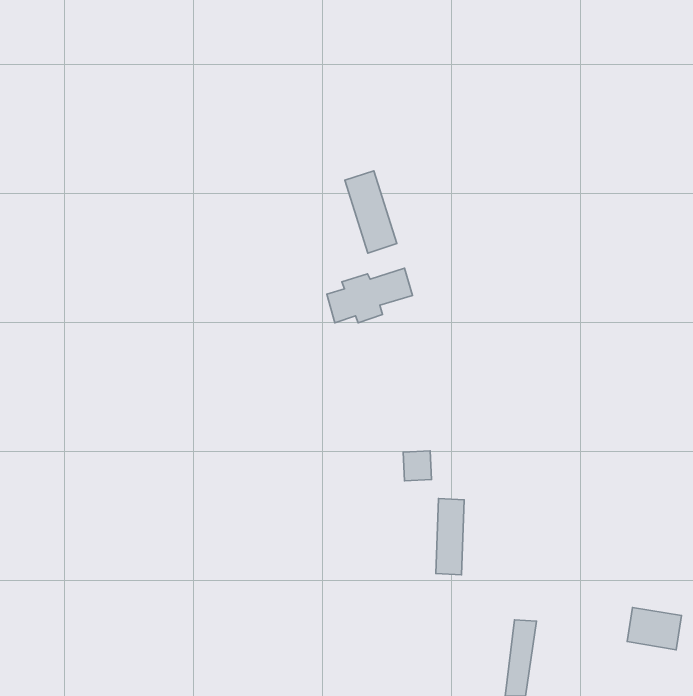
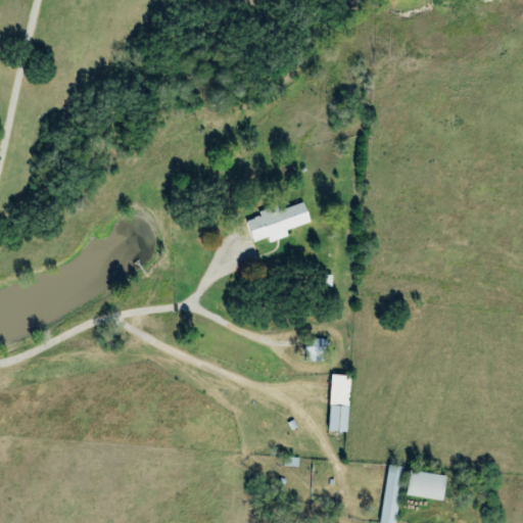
building: [345,171,397,253] -> none
building: [627,607,682,650] -> [407,469,447,501]

